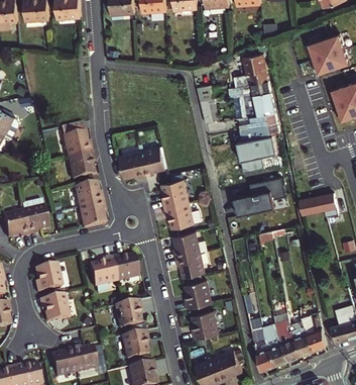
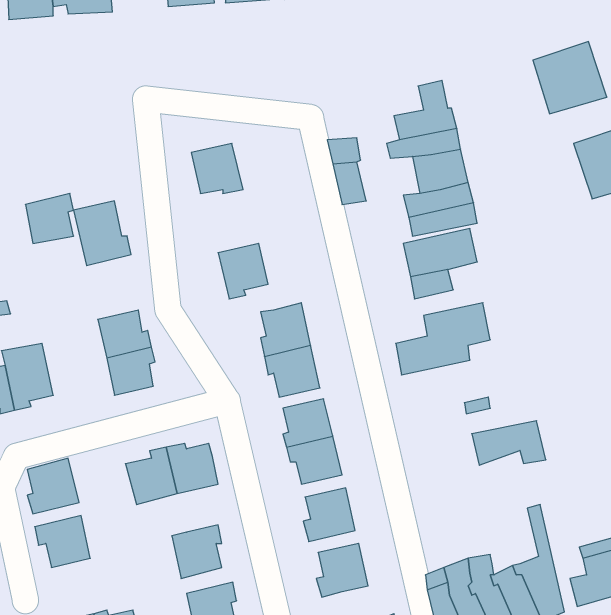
building: [116,150,144,177] -> [191,143,243,193]
building: [67,151,93,178] -> [25,193,74,243]
building: [300,190,340,214] -> [472,421,546,465]

